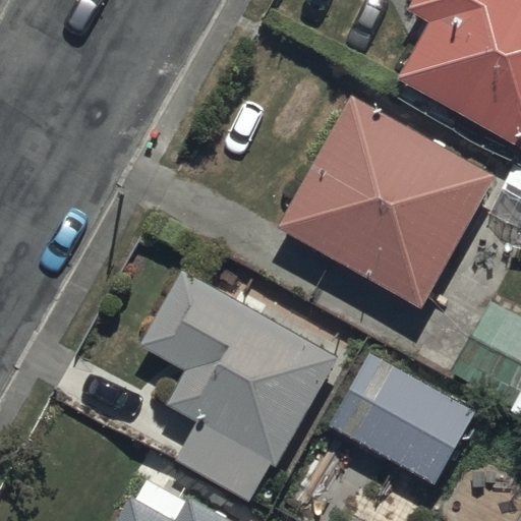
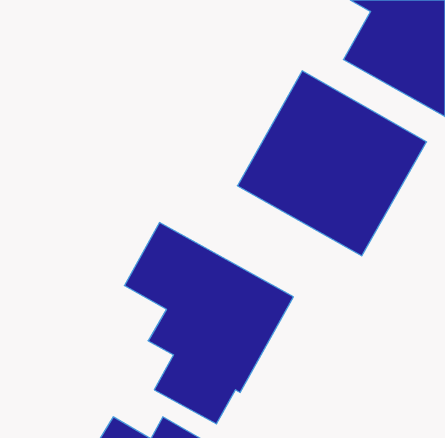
building: [325,350,474,485] -> none

